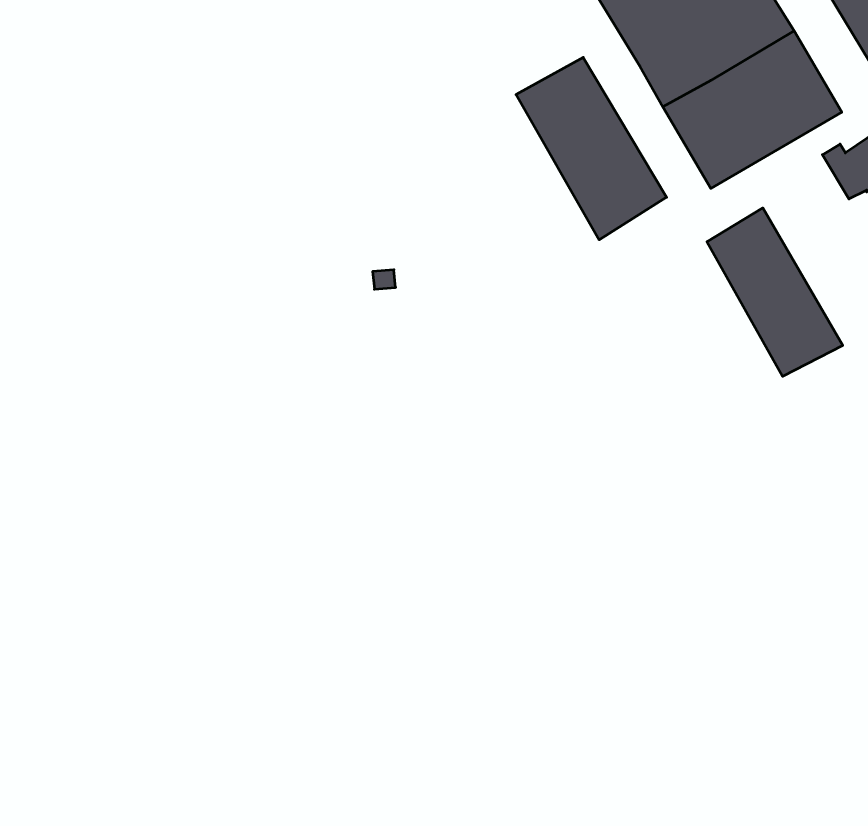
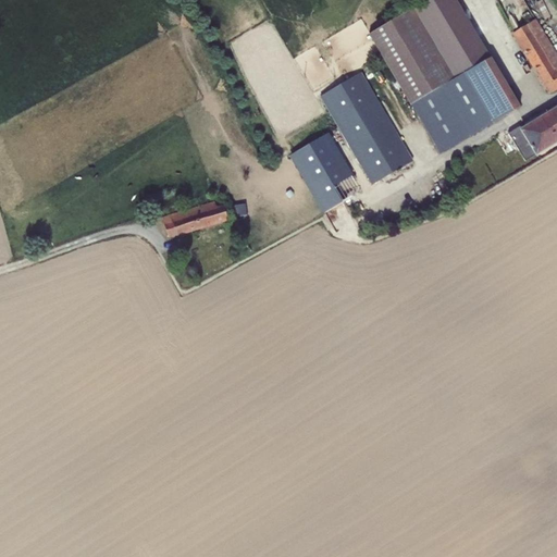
building: none -> [288,132,361,211]
building: [707,208,843,376] -> none
building: none -> [162,199,228,236]

